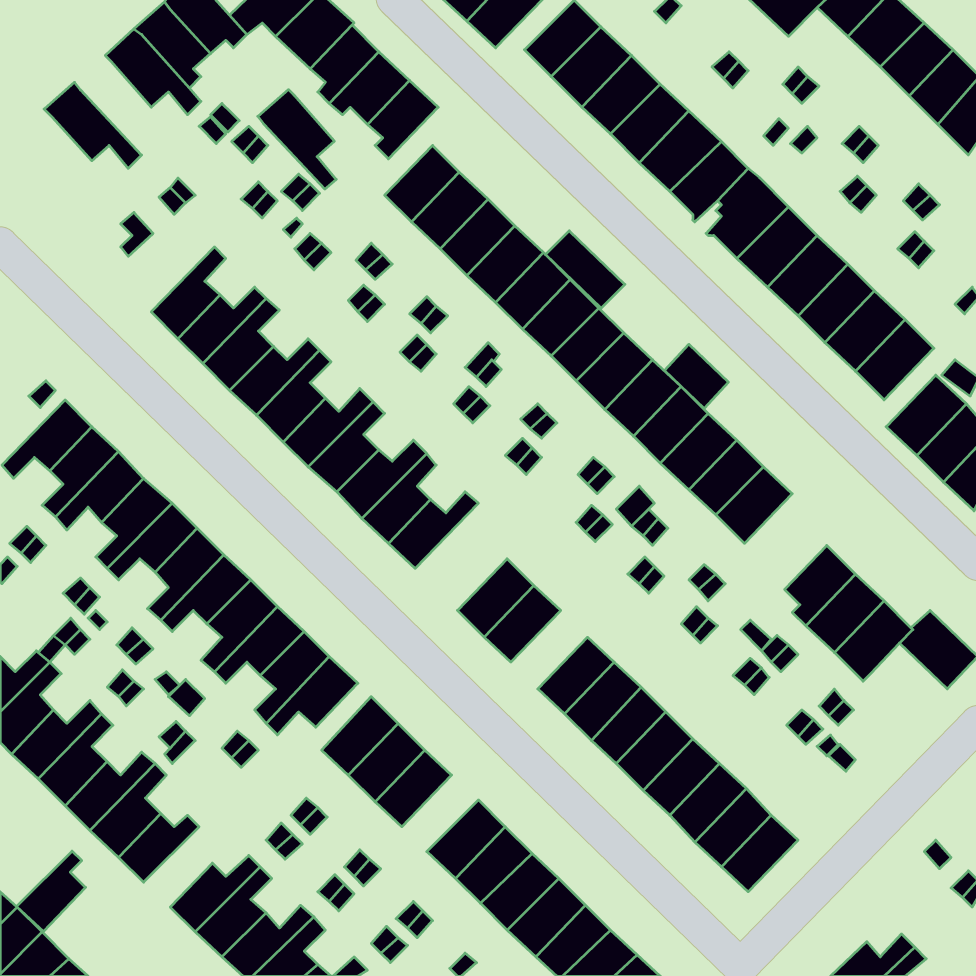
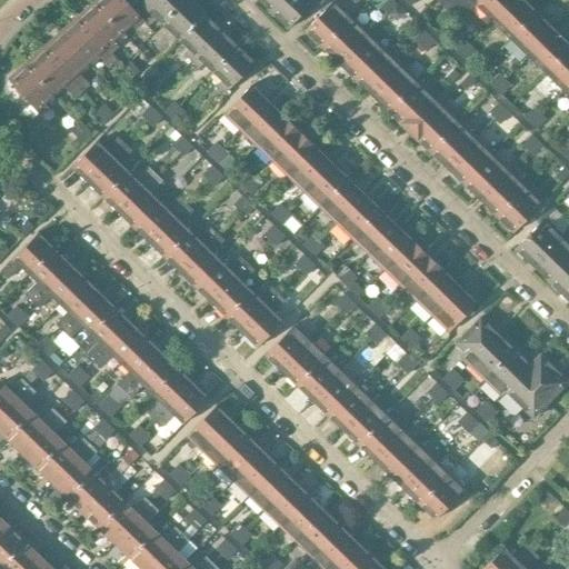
building: [258,90,336,189] -> [44,32,90,90]
building: none -> [10,63,54,114]
building: [545,231,625,308] -> none
building: none -> [72,137,126,181]
building: [665,344,728,408] -> none
building: none -> [433,287,477,331]
building: none -> [242,292,286,346]
building: none -> [298,355,342,400]
building: none -> [507,373,551,417]
building: none -> [234,450,279,495]
building: [17,851,86,931] -> [84,480,124,527]

